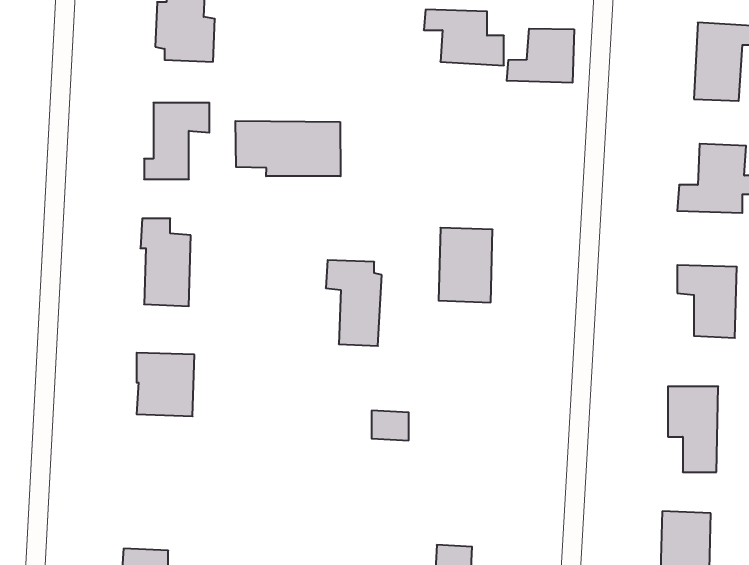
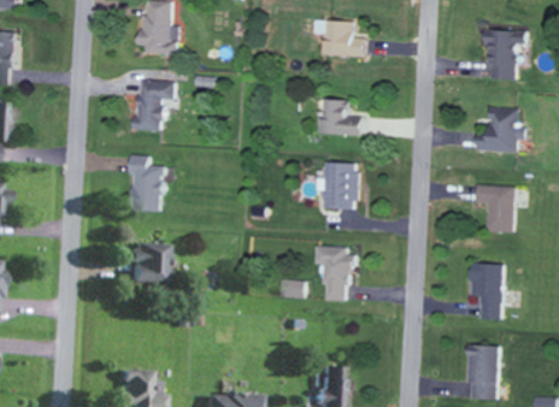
building: [507,29,574,83] -> none
building: [235,121,341,176] -> none
building: none -> [320,99,363,135]
building: [326,260,382,346] -> [314,246,351,301]

